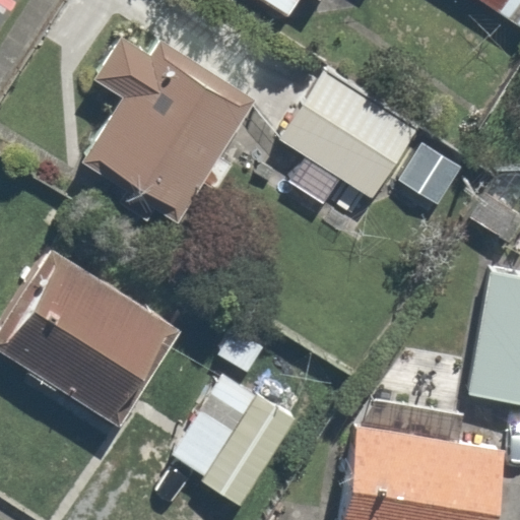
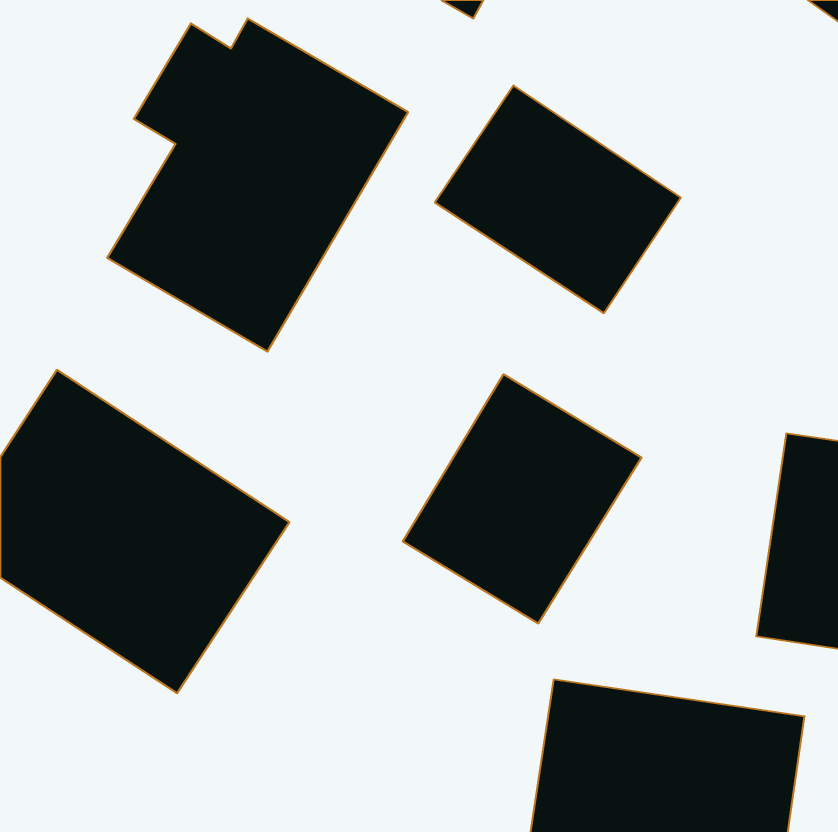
building: none -> [403,374,641,624]
building: [170,366,308,511] -> none

